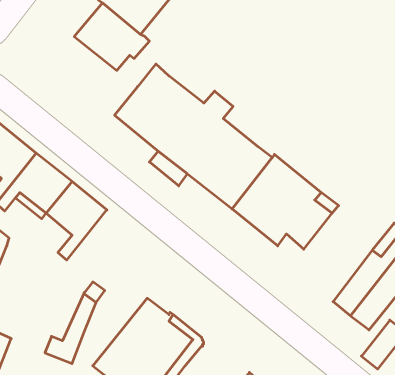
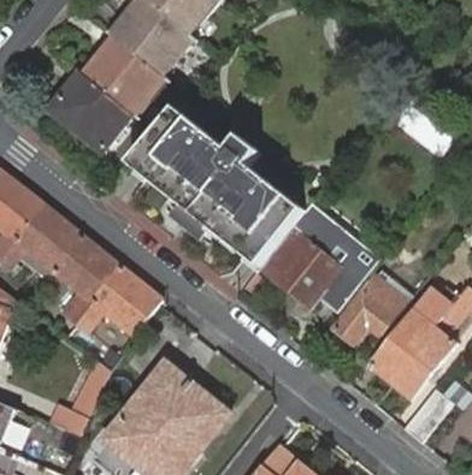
building: none -> [49,71,131,152]
building: none -> [76,267,160,334]
building: none -> [334,272,407,343]

